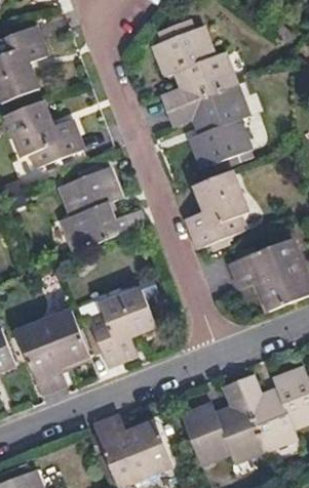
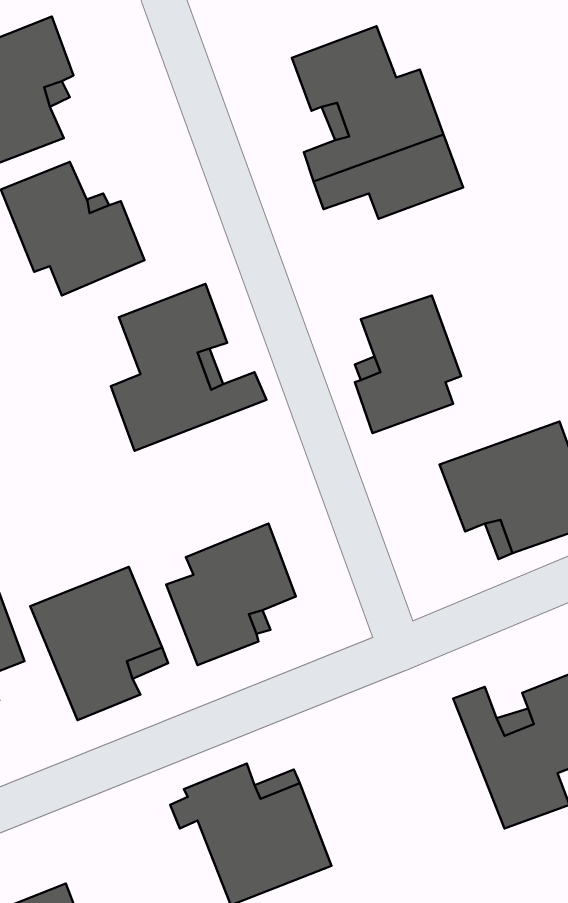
building: [190,114,245,170] -> none
building: [184,380,265,461] -> none

